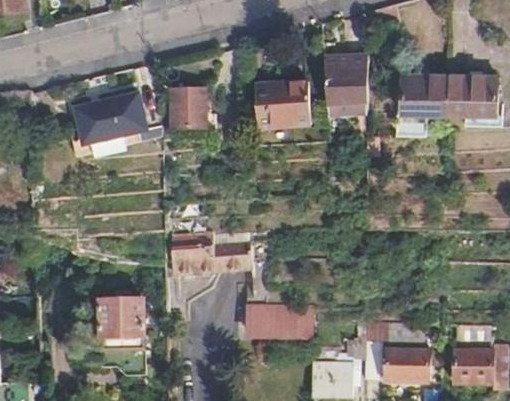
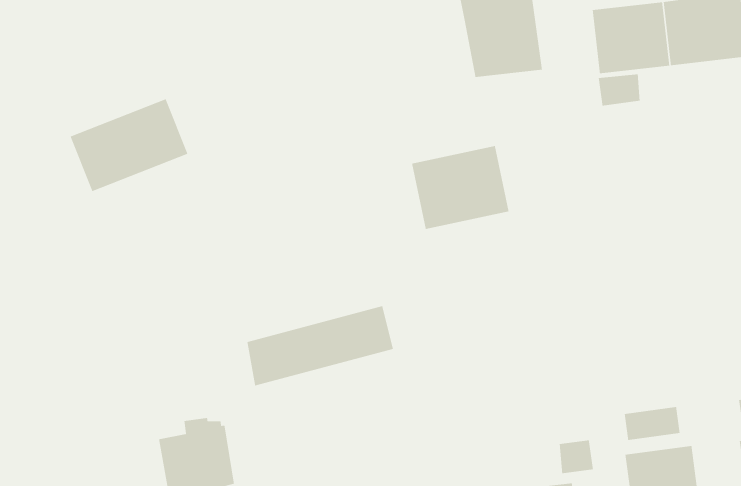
building: [254,82,310,128] -> [411,145,510,230]
building: [172,90,205,139] -> none
building: [252,304,315,335] -> none

